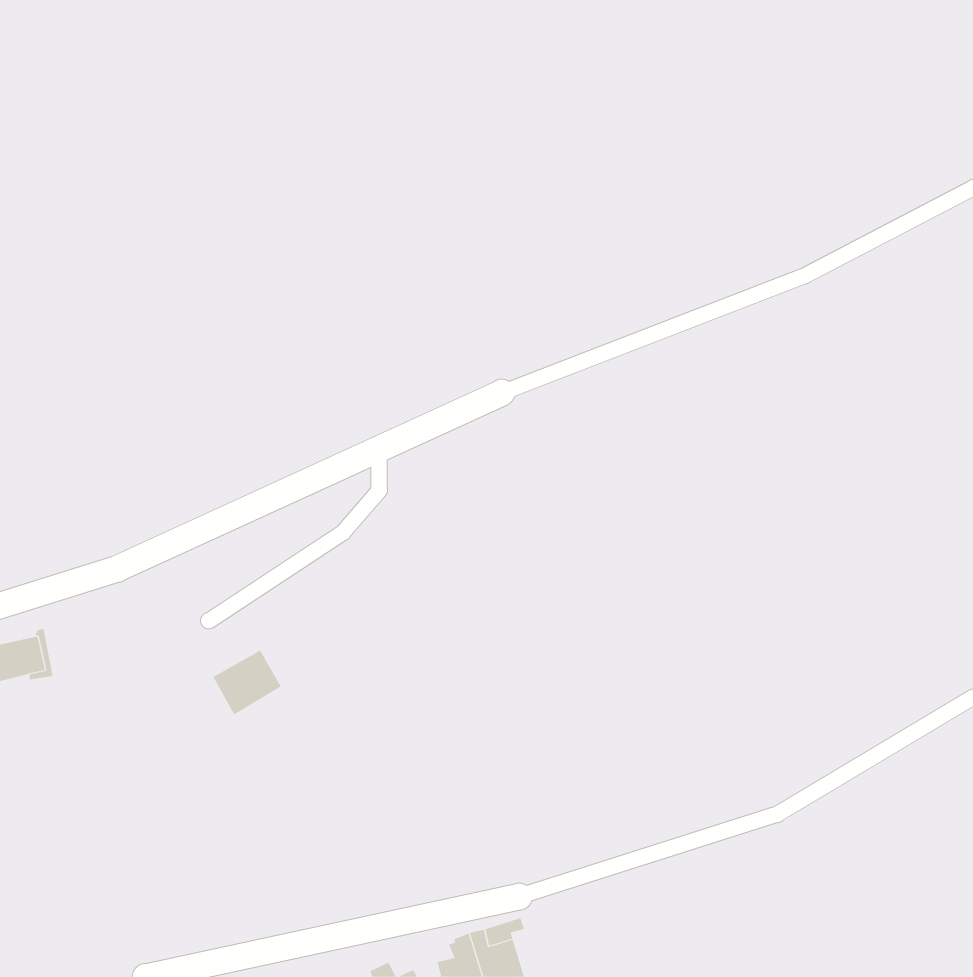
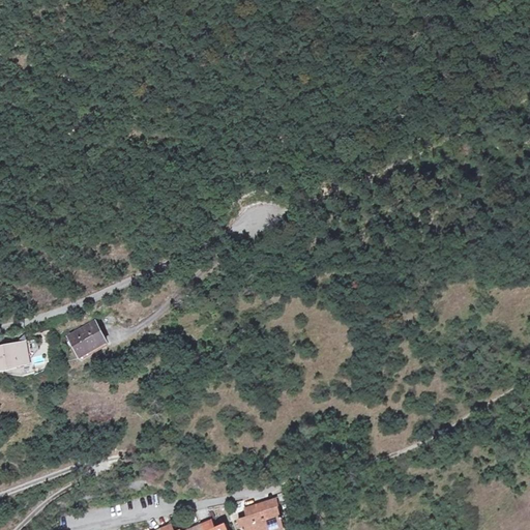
building: [213,650,282,715] -> [66,322,104,357]

